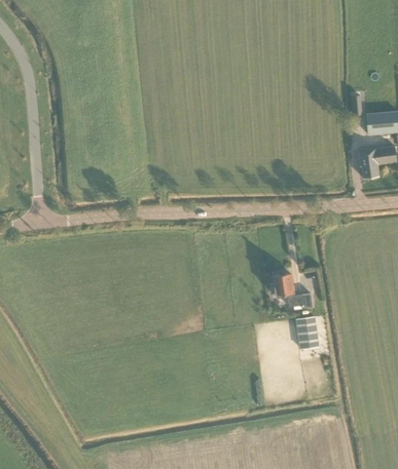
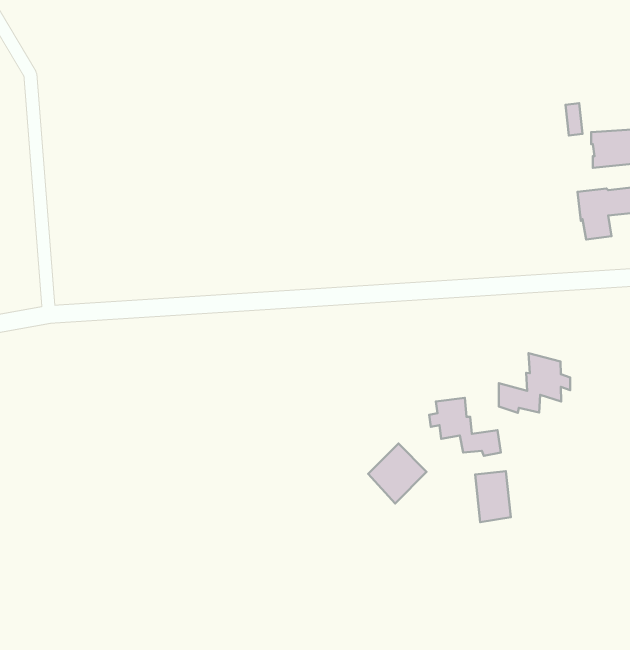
building: none -> [499,353,570,413]
building: none -> [368,444,427,503]

